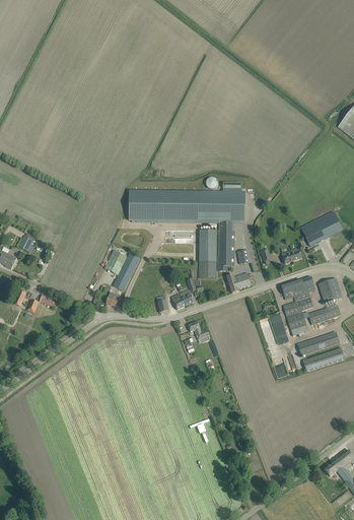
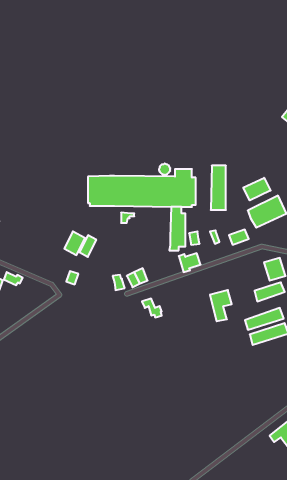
building: none -> [243,178,271,200]
building: [200,230,216,277] -> [211,166,226,210]
building: [281,276,315,329] -> none

